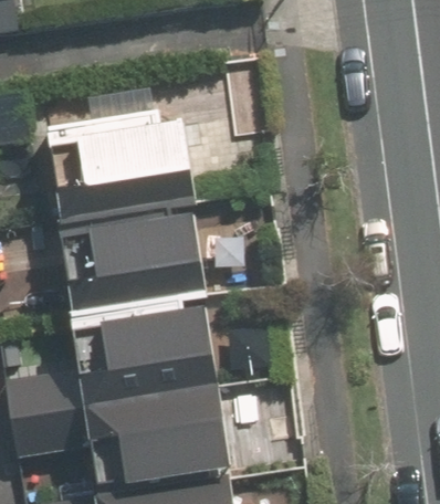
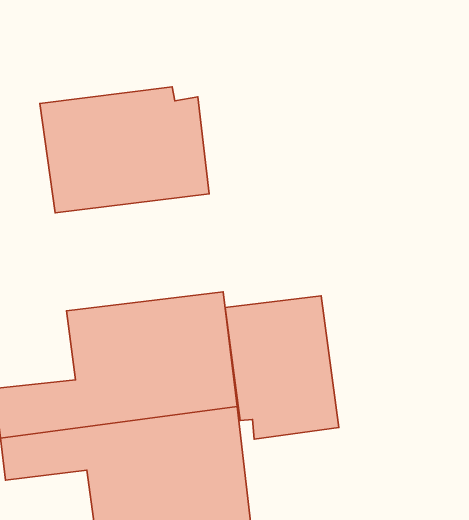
building: [59,209,205,311] -> none
building: none -> [225,296,339,439]

